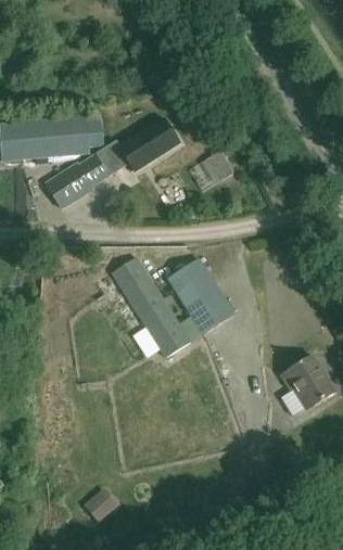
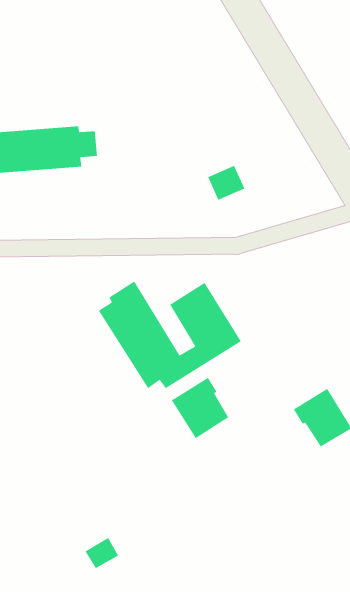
building: [47,118,179,207] -> none
building: none -> [171,377,229,439]

